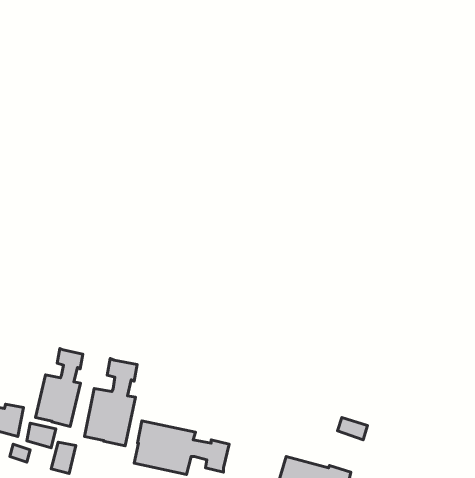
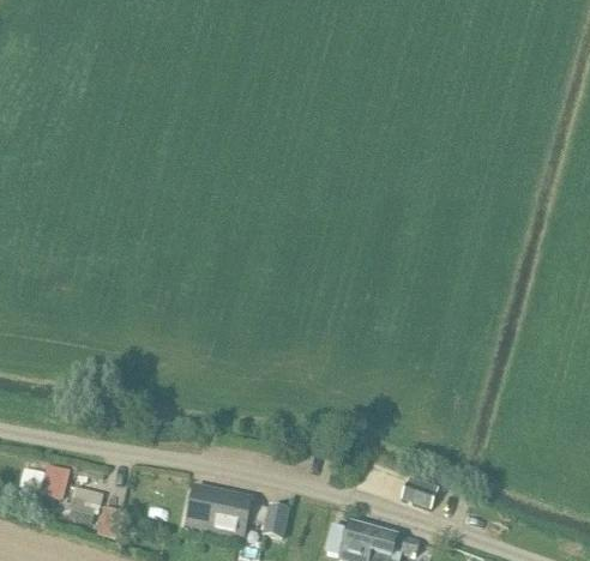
building: [36,348,83,426] -> none
building: [84,359,137,446] -> none

